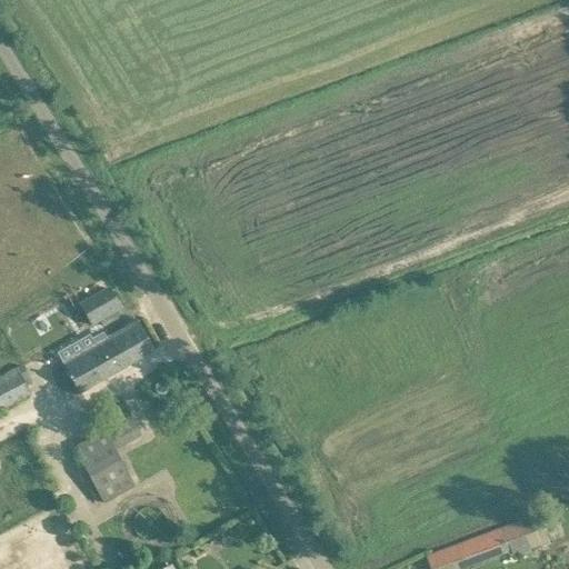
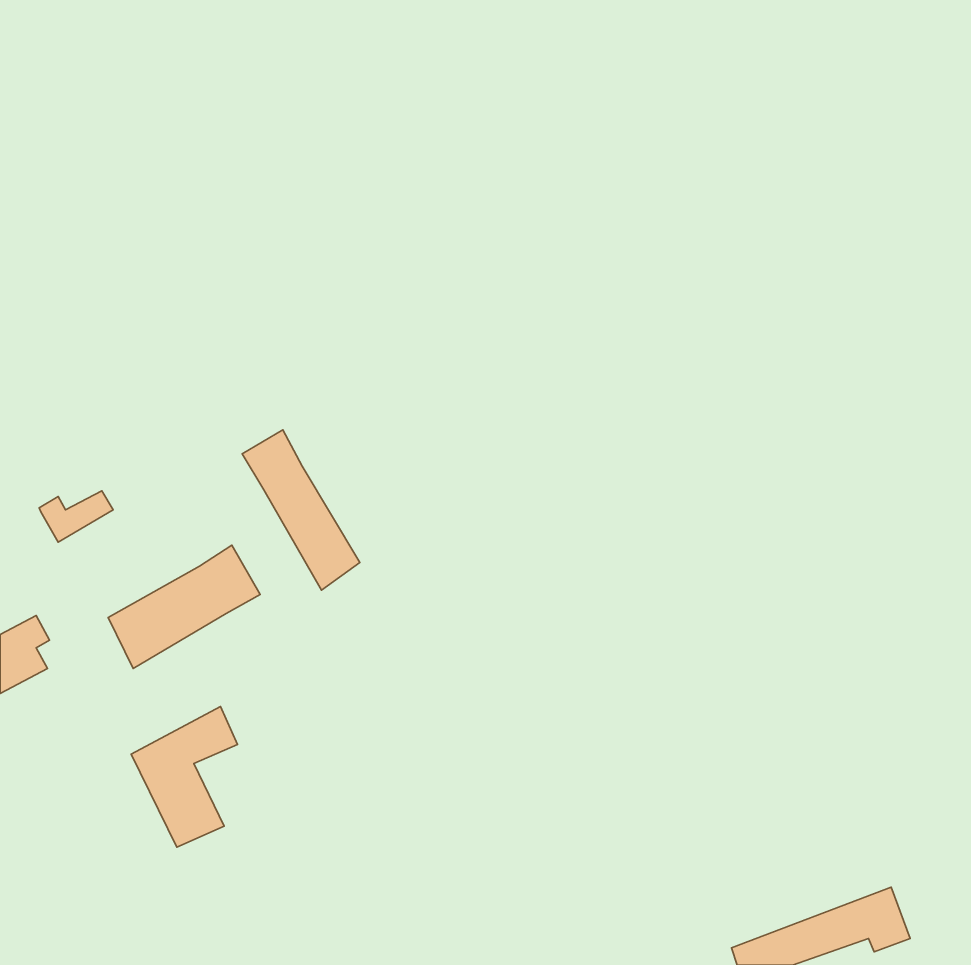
building: none -> [242,430,360,590]
building: [76,293,119,323] -> [39,491,113,542]

